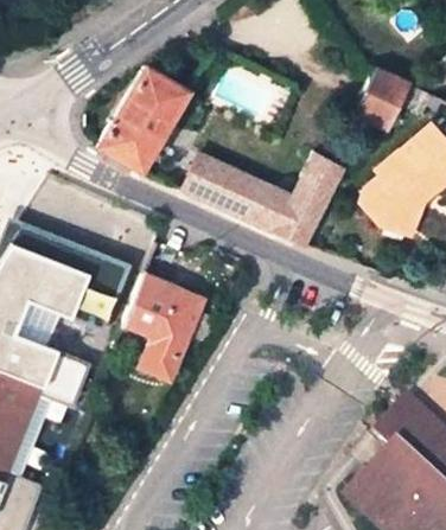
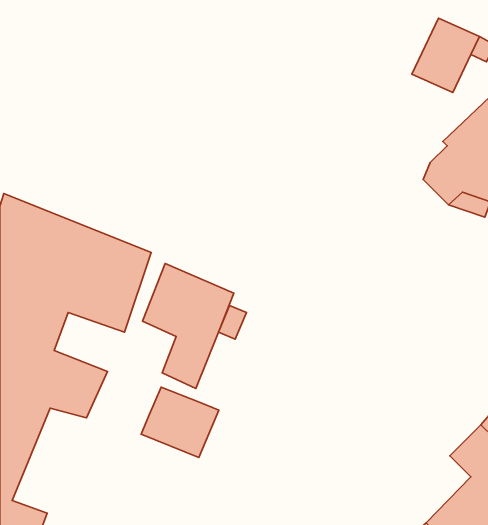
building: [96,68,191,172] -> none
building: [180,154,340,245] -> none
building: none -> [141,387,219,457]

